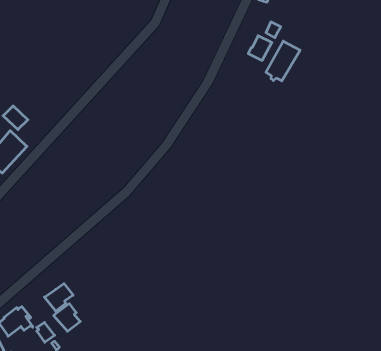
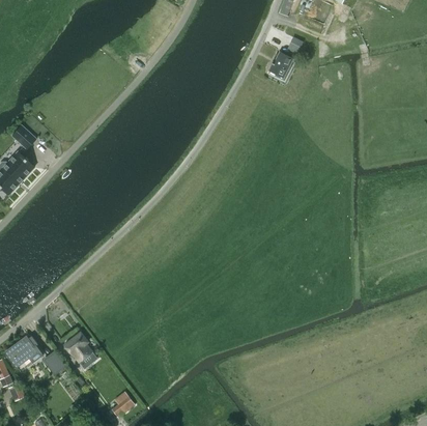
building: [266,41,300,81] -> none
building: [44,284,73,311] -> none

